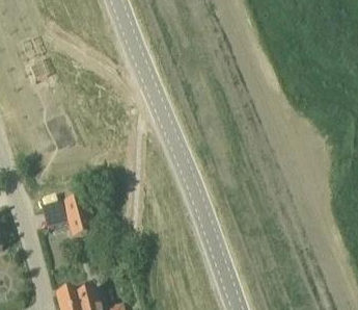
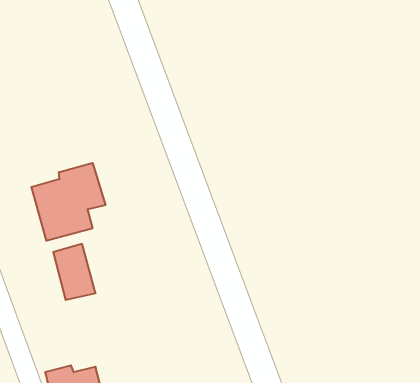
building: none -> [31,163,105,241]

